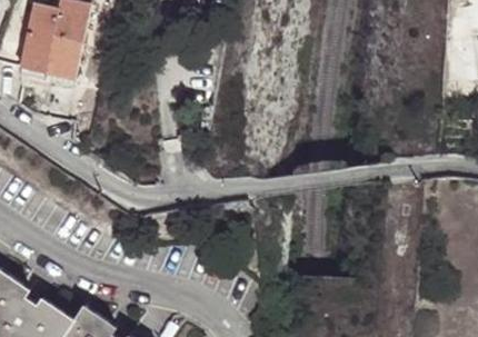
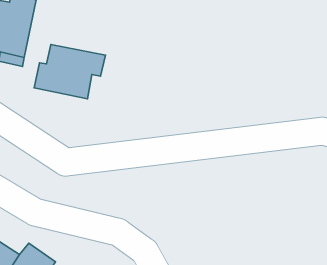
building: none -> [34,45,105,99]

